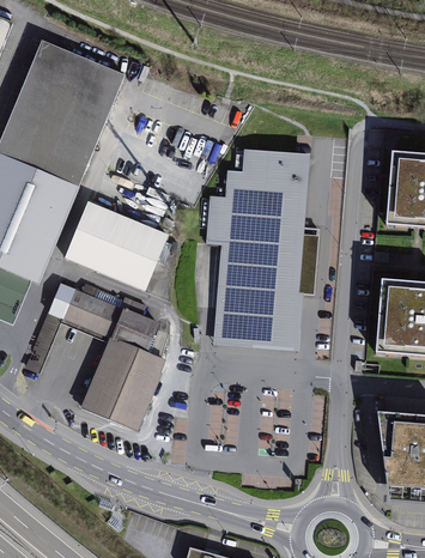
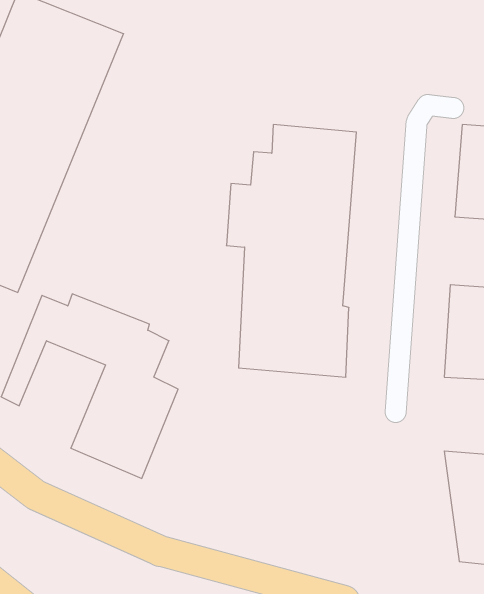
building: [66,200,170,289] -> none

